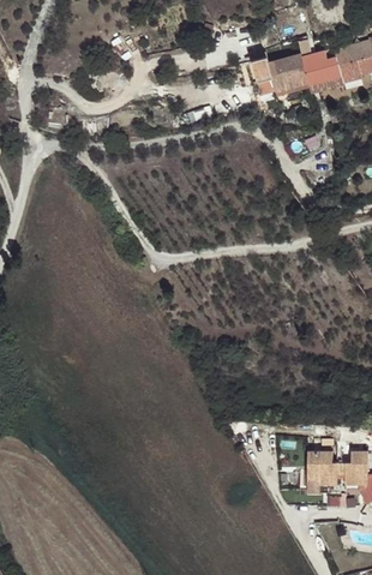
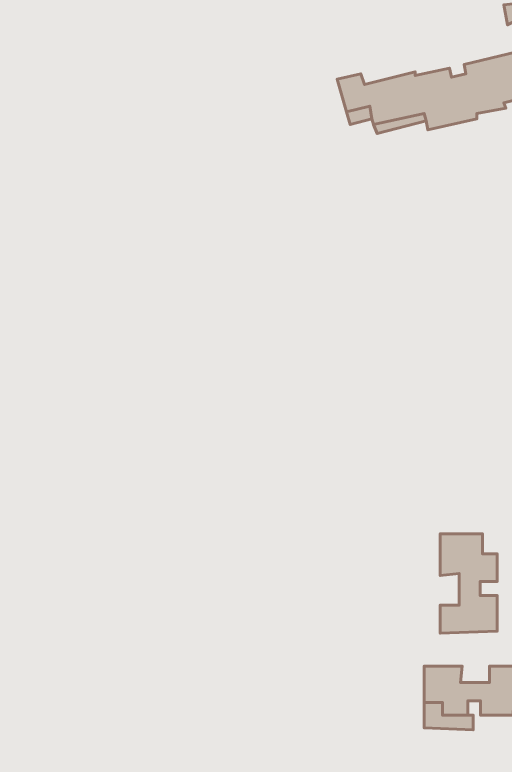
building: none -> [440,534,497,633]

